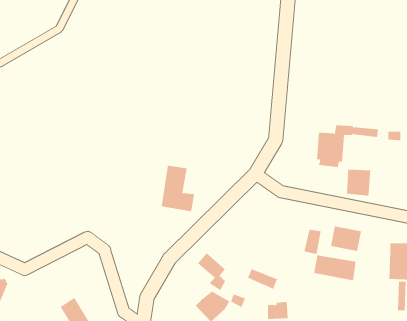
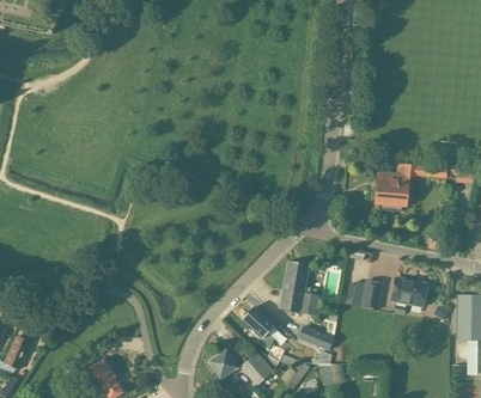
building: [161,165,195,212] -> [280,262,318,314]
building: [346,169,371,196] -> none
building: [314,255,356,281] -> none
building: none -> [209,348,245,379]

